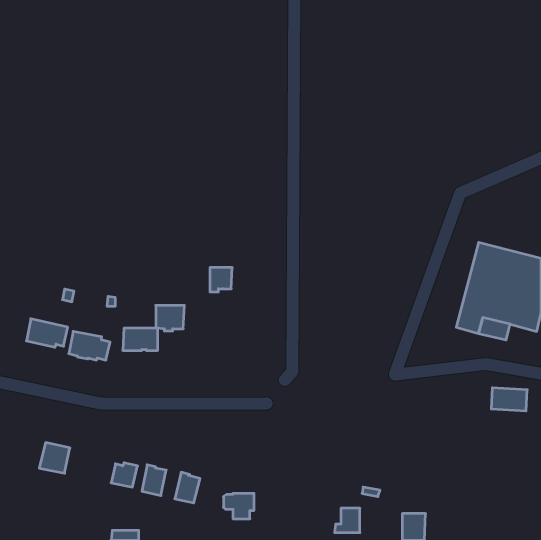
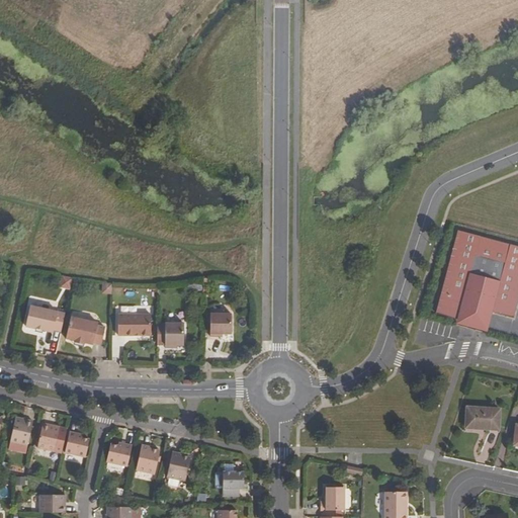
building: [210,268,232,292] -> [210,313,232,336]
building: [156,305,184,331] -> [157,323,184,347]
building: [491,388,527,411] -> [465,406,500,428]
building: none -> [10,417,33,445]
building: none -> [65,431,89,456]
building: none -> [38,494,65,512]

